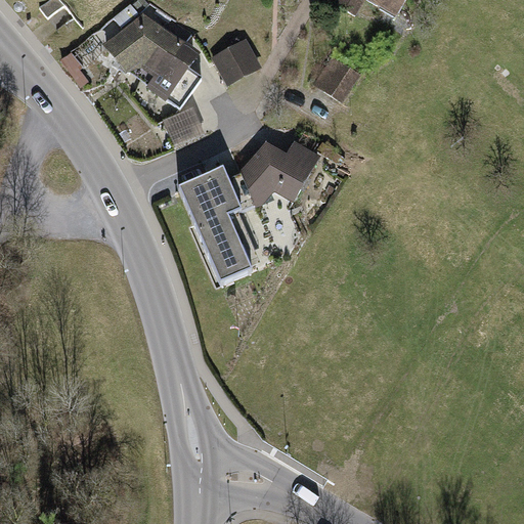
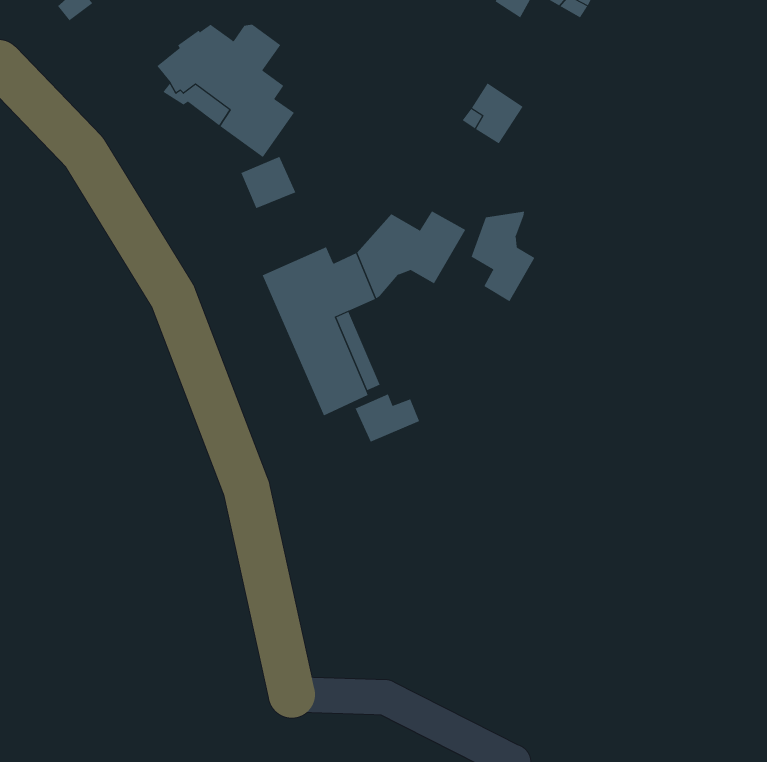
building: [212,38,258,81] -> none
building: none -> [471,211,535,302]
building: none -> [355,394,420,442]

